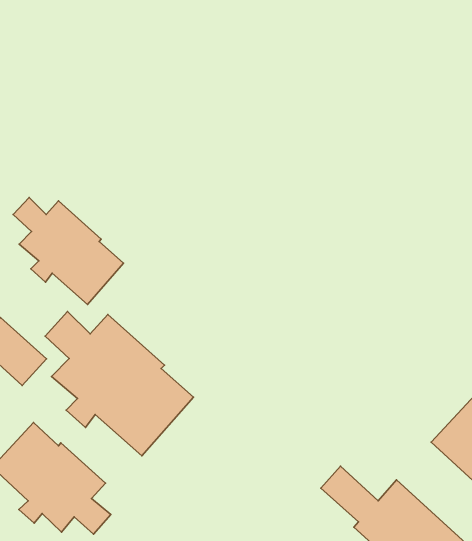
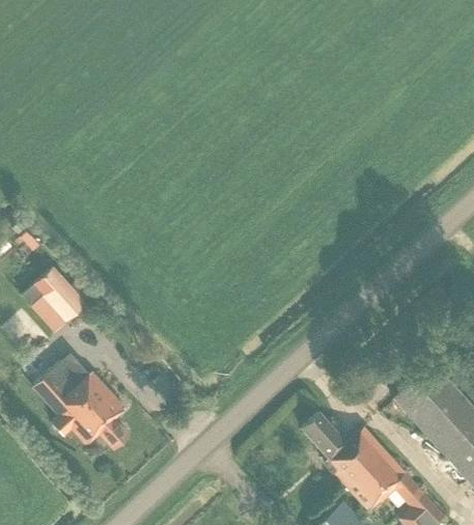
building: [13,198,123,304] -> none
building: [45,312,193,456] -> none

